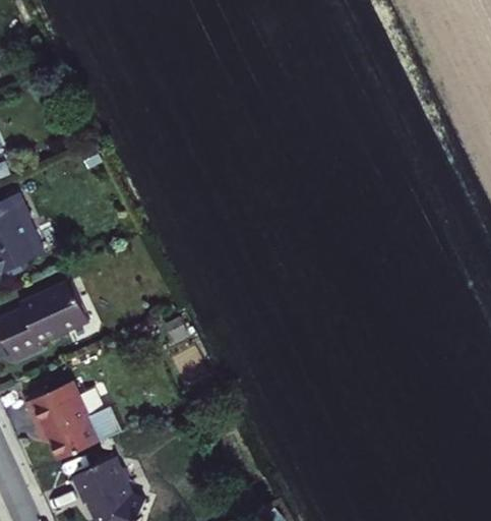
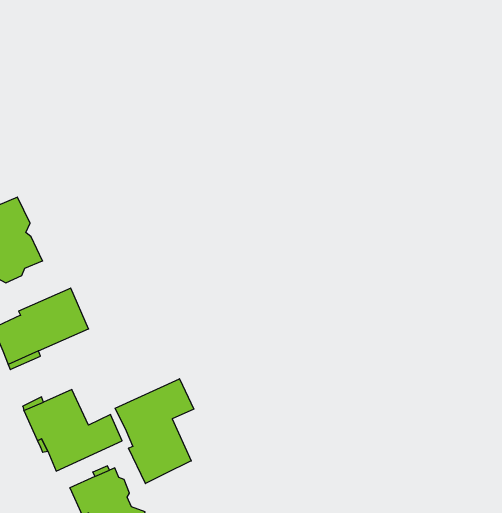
building: none -> [115,379,194,484]

